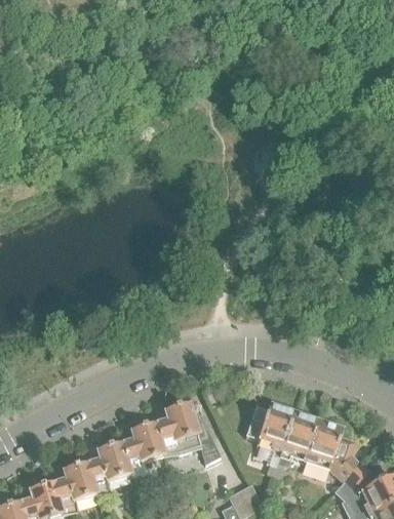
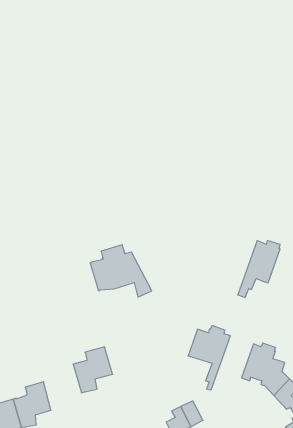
building: [150,404,219,463] -> [90,245,152,297]
building: [269,412,316,476] -> [238,241,280,298]
building: [82,444,124,495] -> none

